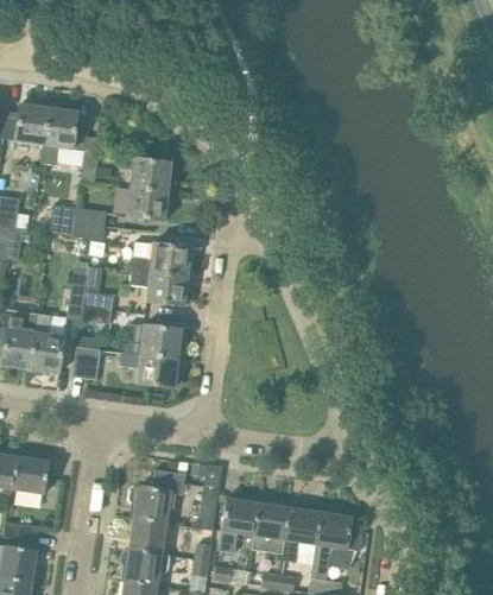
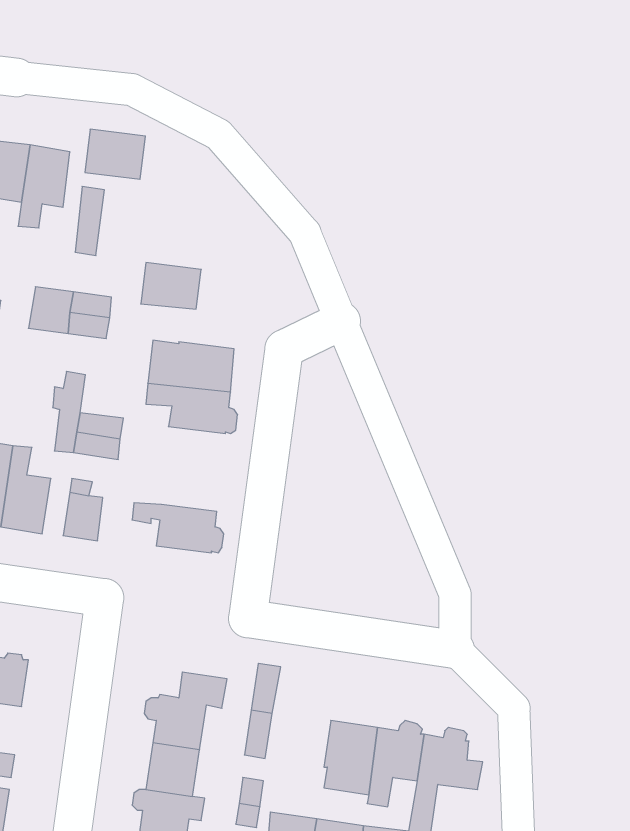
building: [129,158,171,192] -> [85,129,145,179]
building: [140,324,188,359] -> none
building: [219,494,257,551] -> none

